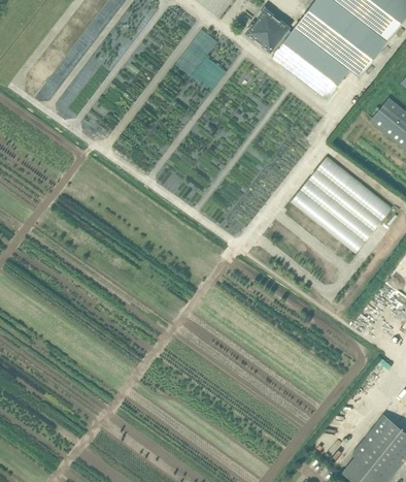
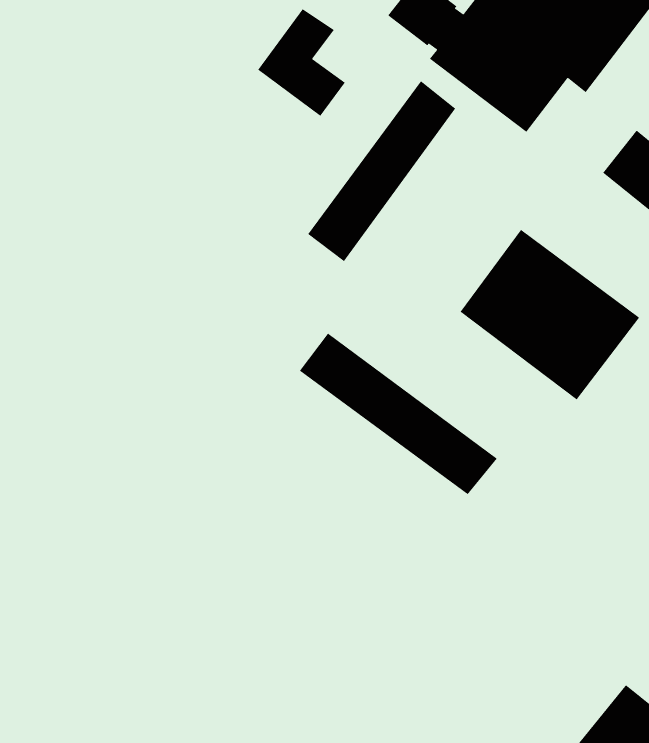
building: none -> [307,80,456,262]
building: none -> [299,332,498,495]

